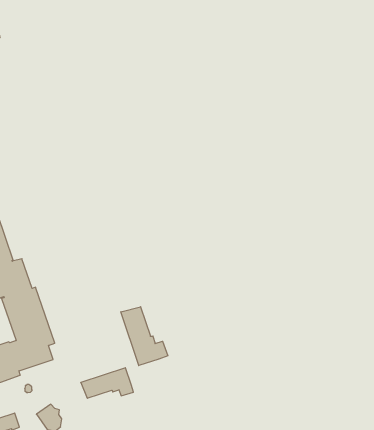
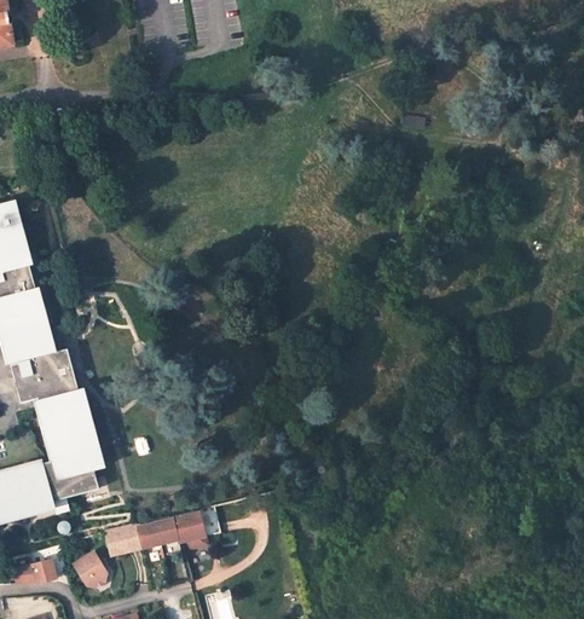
building: [121,307,168,366] -> none
building: none -> [105,525,143,554]

